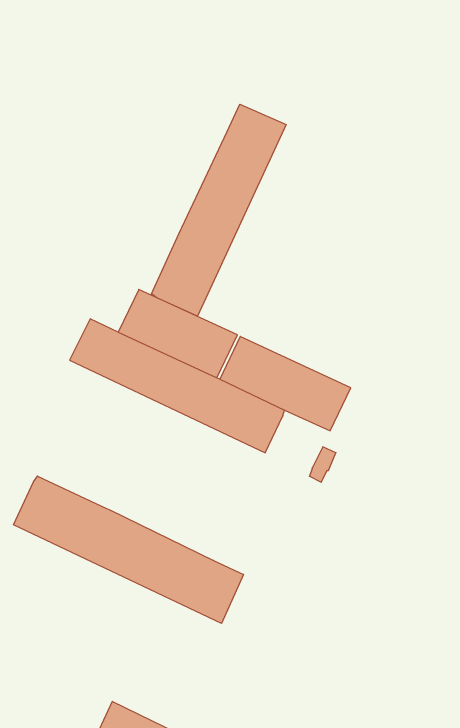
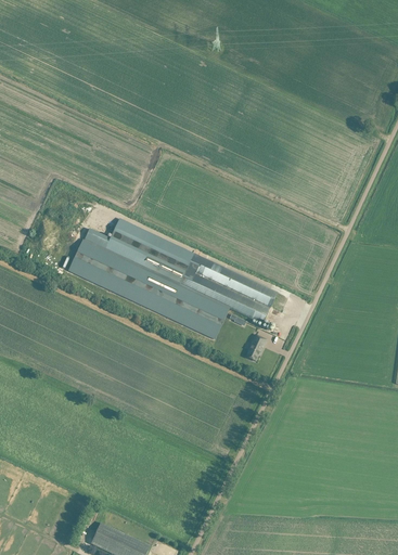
building: [151,104,286,316] -> none
building: [13,476,243,623] -> none

